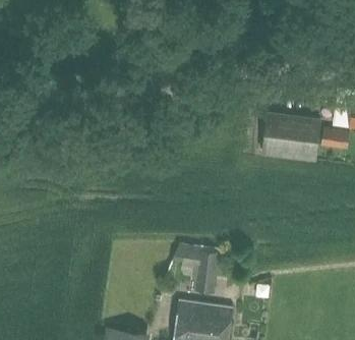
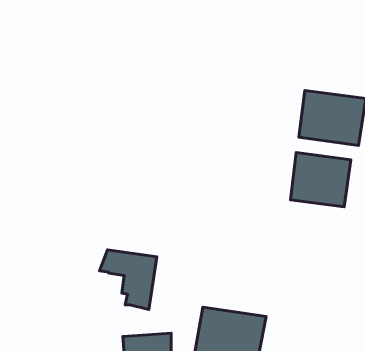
building: none -> [290,152,351,207]
building: [171,242,221,294] -> [99,250,157,310]

